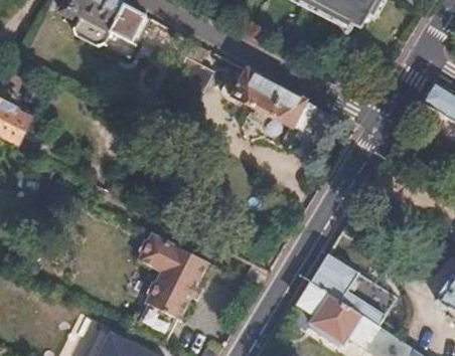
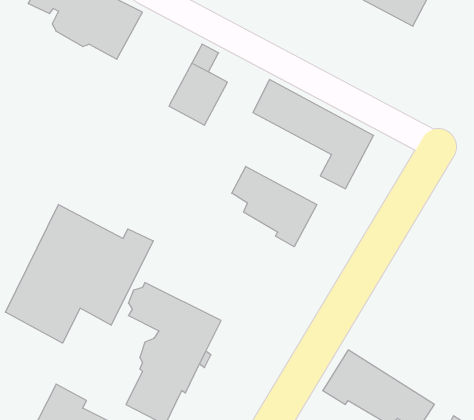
building: none -> [232,166,317,247]
building: none -> [5,204,153,343]
building: [311,254,398,328] -> none

